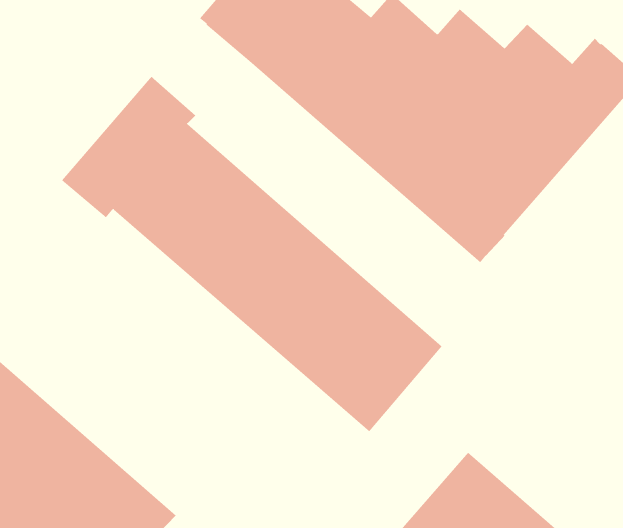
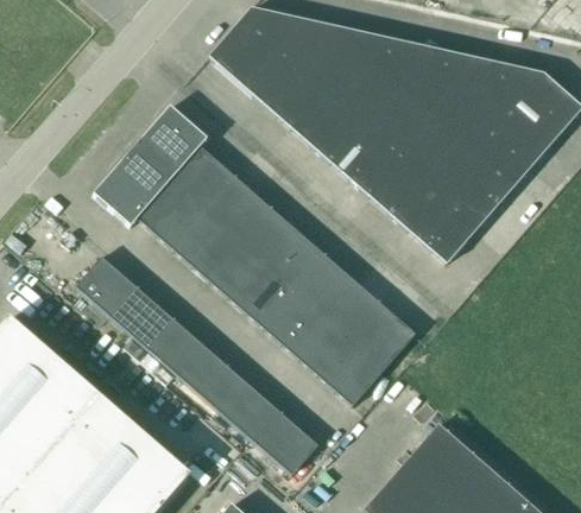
building: none -> [76,255,320,474]

